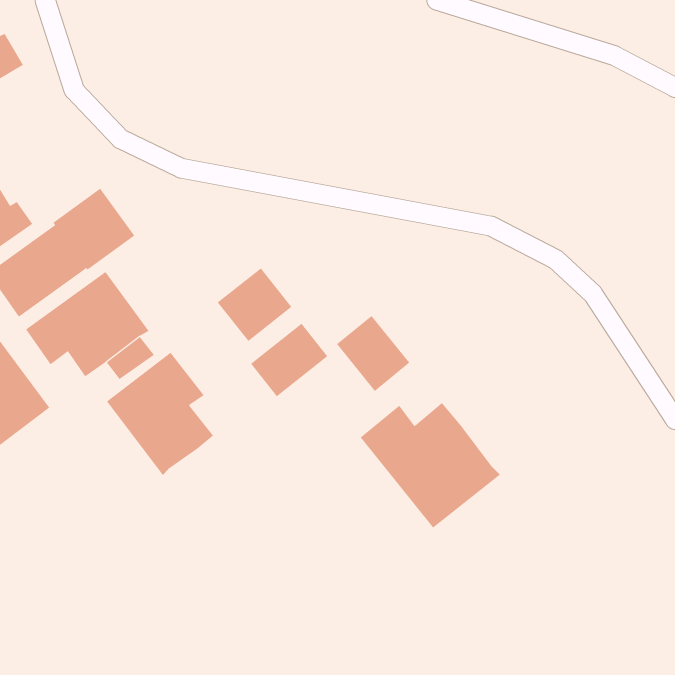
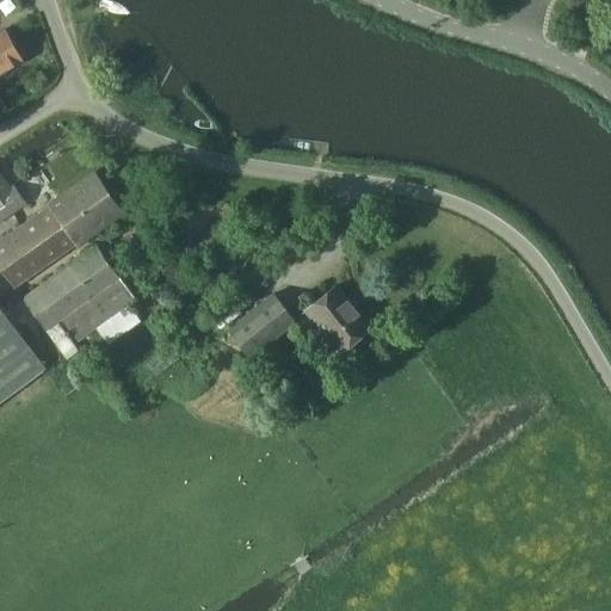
building: [217,268,292,342] -> none
building: [106,352,214,476] -> none
building: [360,402,501,529] -> none

